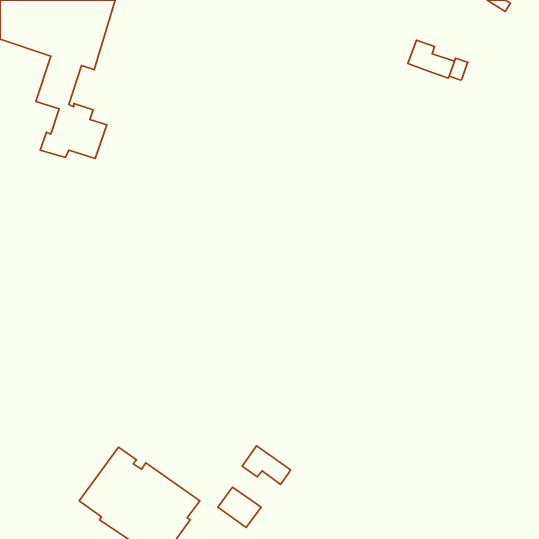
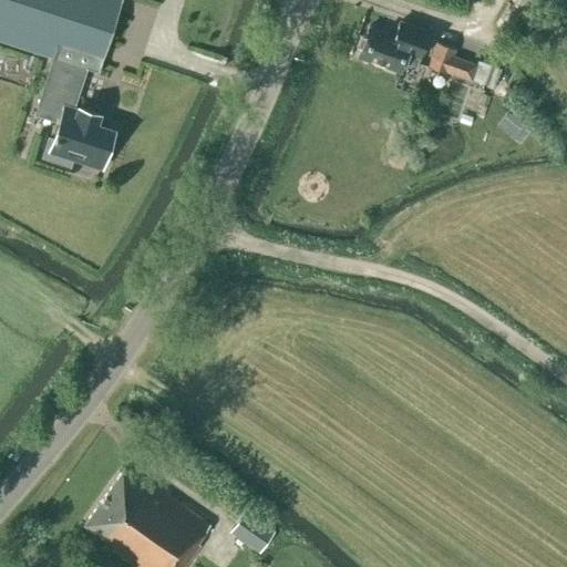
building: none -> [359,24,429,73]
building: [242,446,291,485] -> none

